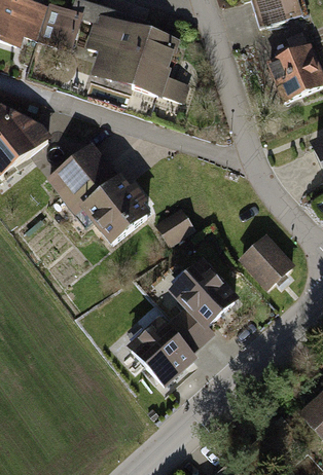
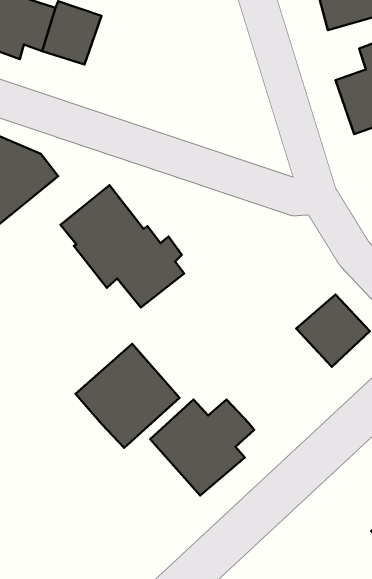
building: [87,12,190,103] -> none
building: [151,205,195,247] -> none
building: [160,250,242,331] -> [75,344,179,448]

